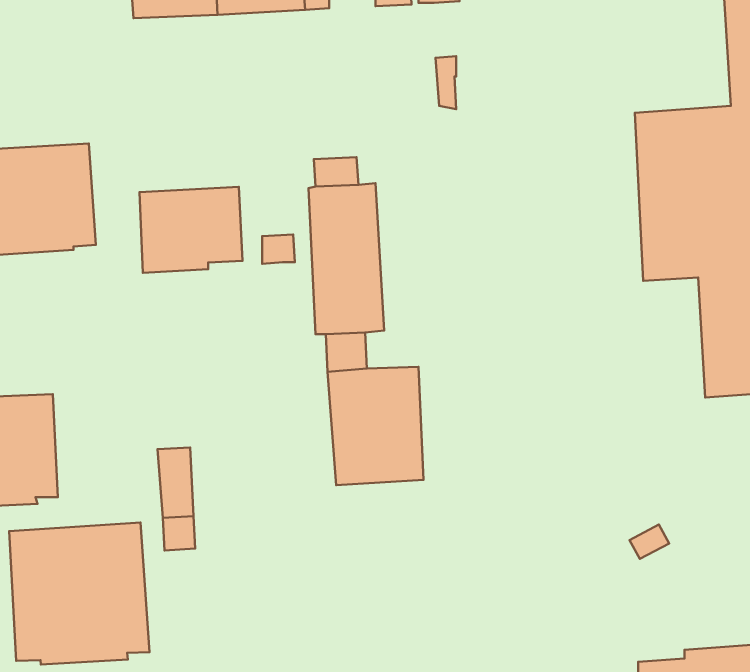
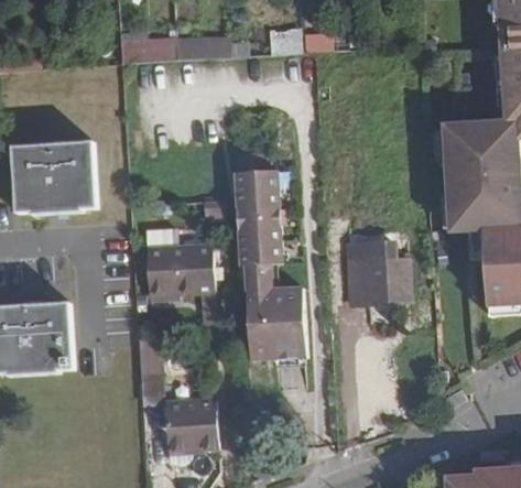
building: [139,187,242,273] -> [148,243,214,299]
building: none -> [346,240,410,303]
building: [9,523,149,664] -> none
building: none -> [164,399,218,452]

